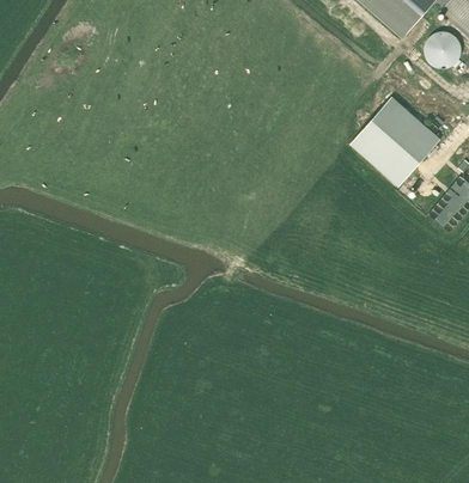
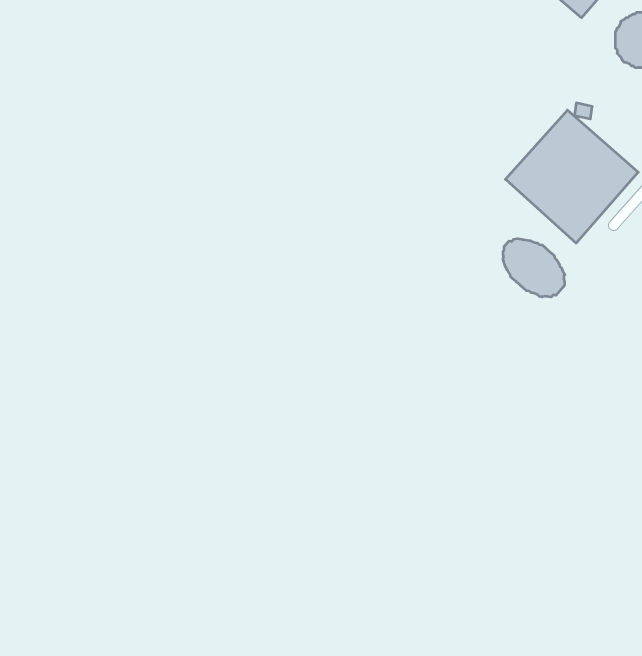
building: none -> [503,239,565,297]

